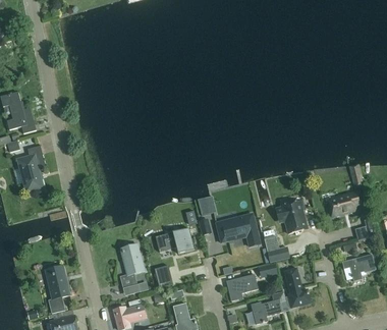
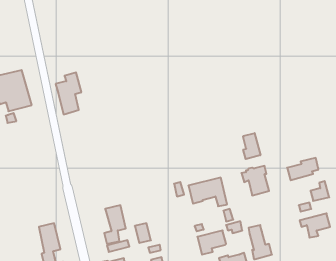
building: [16,145,46,193] -> [56,72,81,114]
building: none -> [243,133,260,159]
building: [155,228,195,253] -> none
building: [264,235,289,261] -> none

